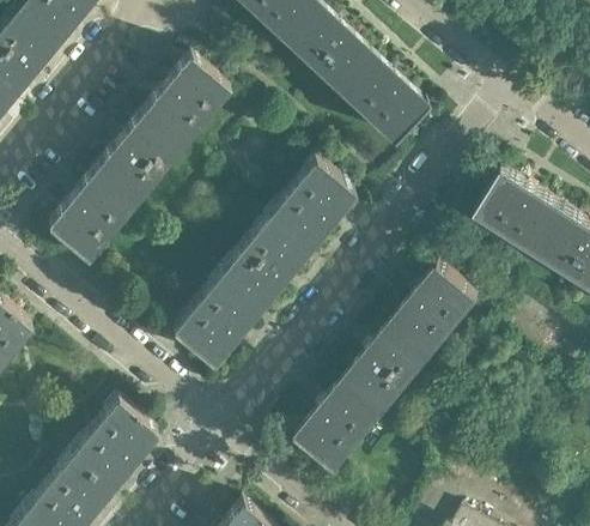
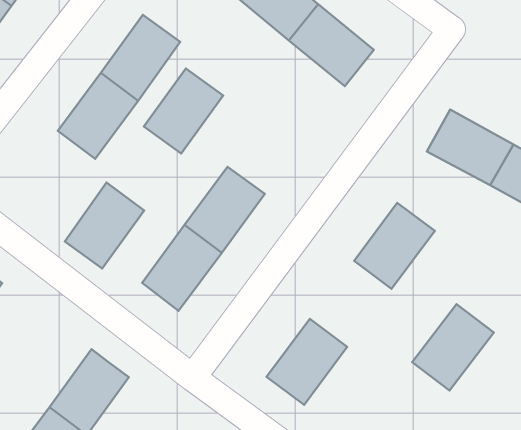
building: [268,163,352,250] -> [144,69,223,153]
building: [48,174,132,262] -> [65,183,144,269]
building: [345,325,431,413] -> [412,304,494,390]

